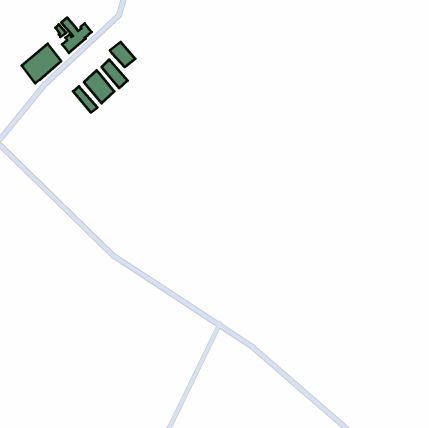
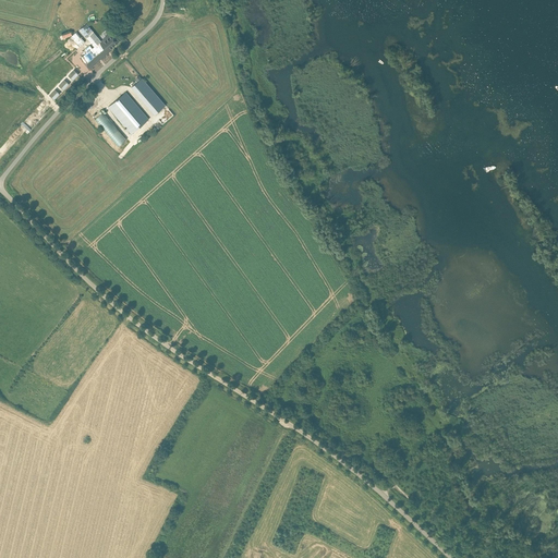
building: [110,42,135,67] -> none
building: [22,44,61,83] -> none

